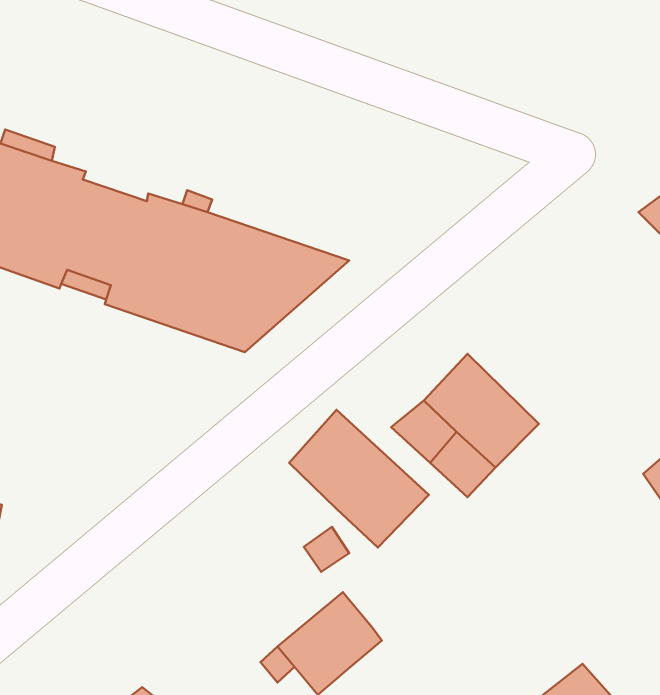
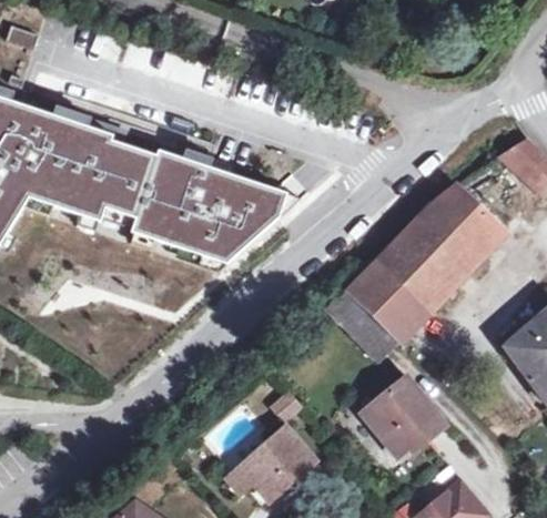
building: none -> [379,190,504,311]
building: [289,410,429,548] -> none
building: none -> [366,380,446,454]

